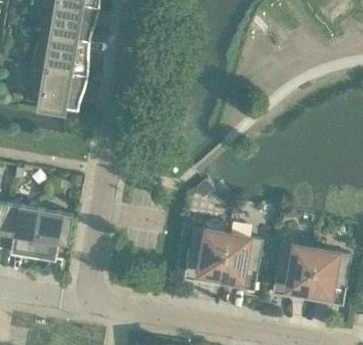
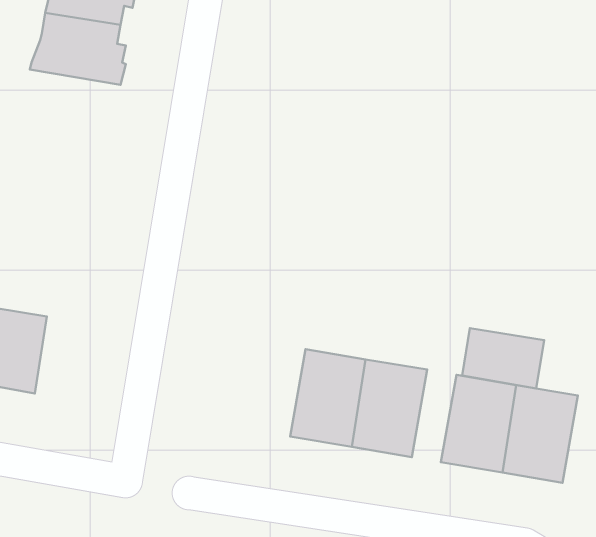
building: [29,64,84,107] -> none
building: [34,209,74,259] -> none
building: none -> [462,328,544,388]

